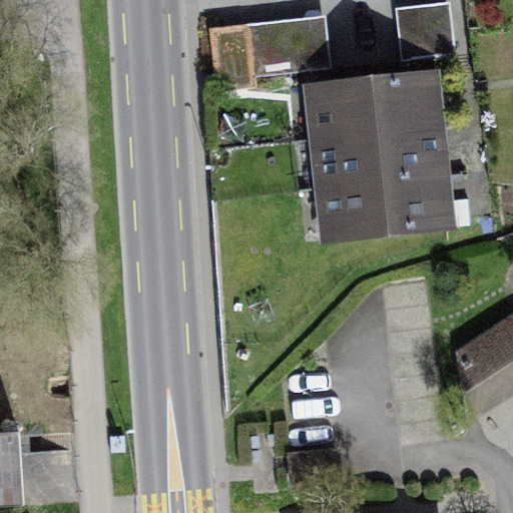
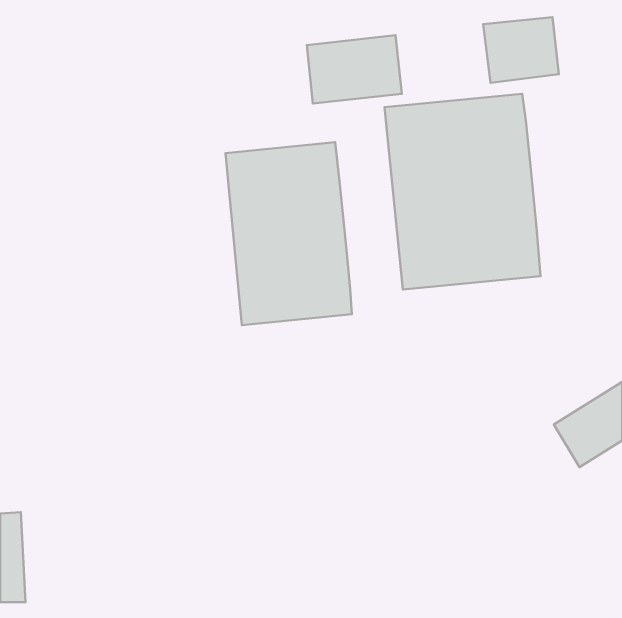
building: none -> [225,142,352,325]

